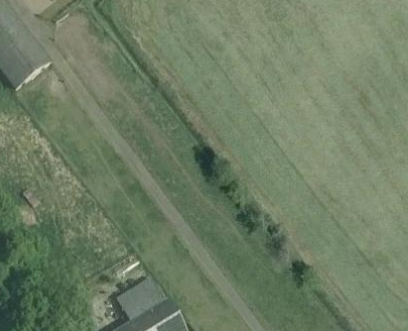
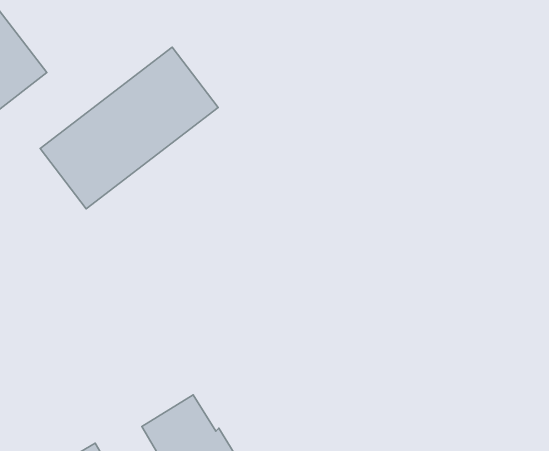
building: none -> [40,47,218,209]

